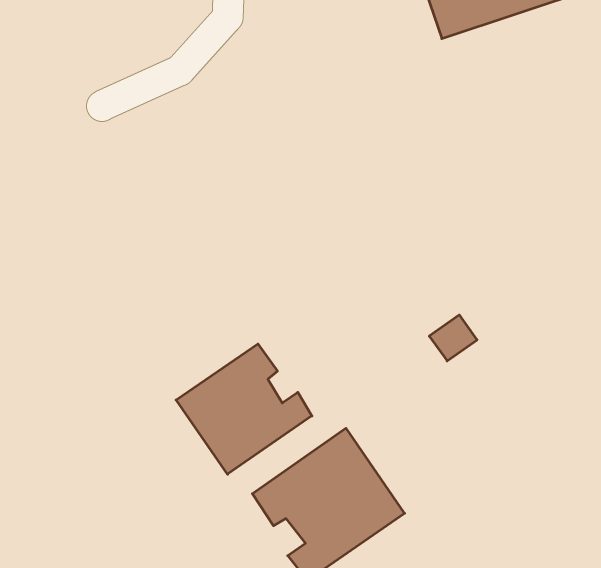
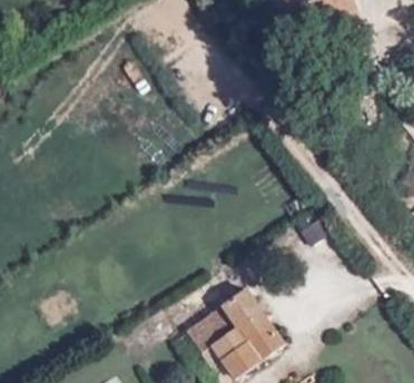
building: [176,344,312,474] -> none

